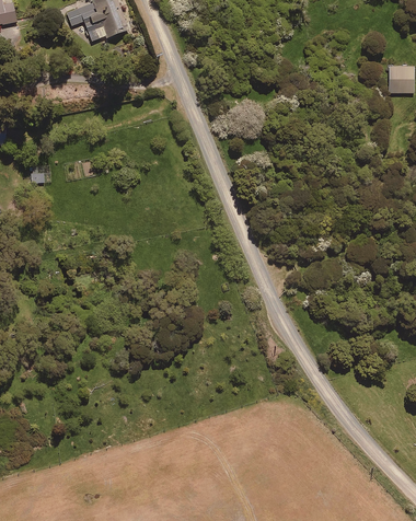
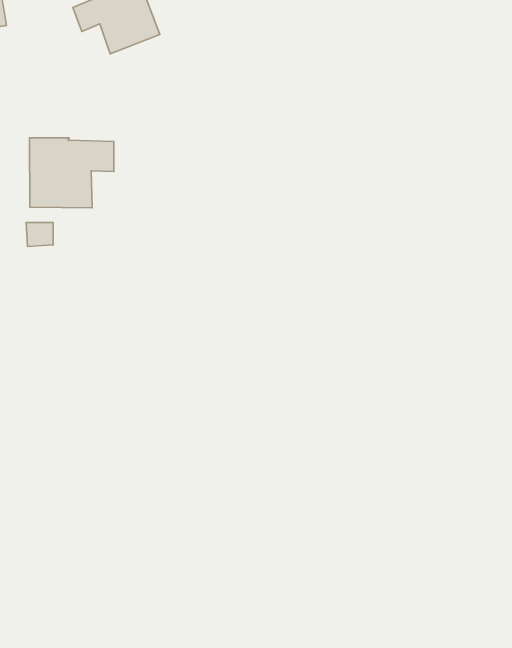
building: none -> [30,138,114,208]

